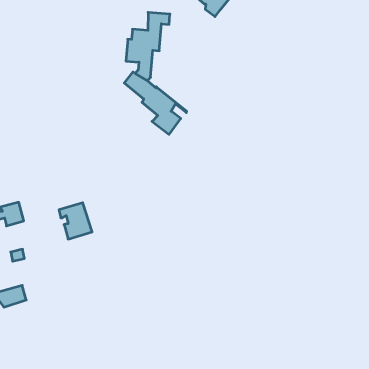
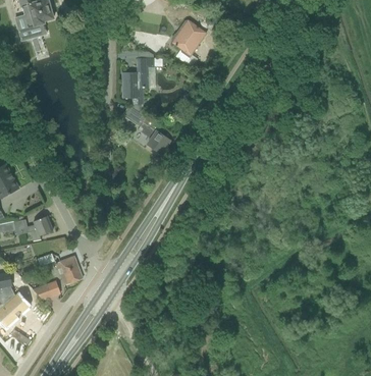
building: [59,203,92,239] -> [55,256,83,285]

